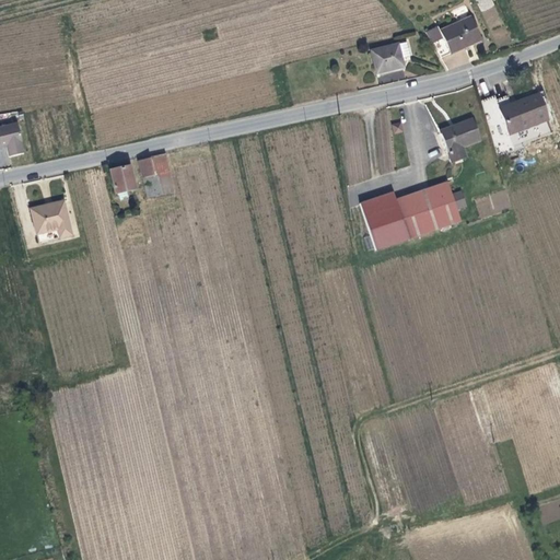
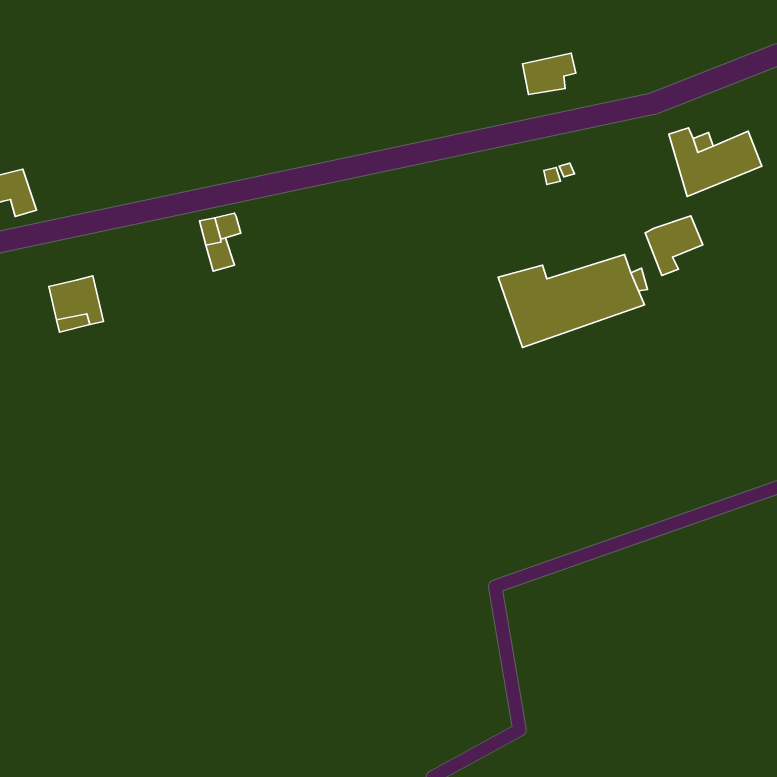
building: [432,12,486,56] -> none
building: [440,120,481,163] -> [645,216,703,275]
building: [107,163,133,194] -> none

